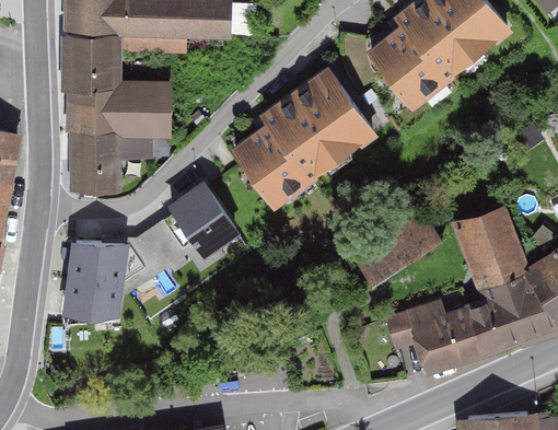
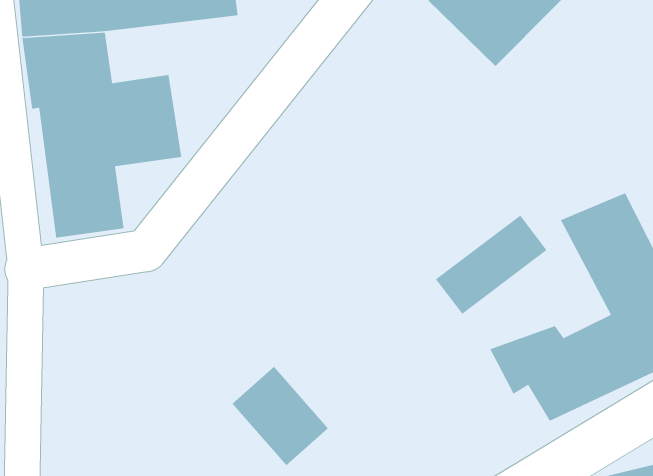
building: [237,57,383,200] -> none
building: [173,188,245,266] -> [231,366,329,466]
building: [68,243,132,326] -> none

